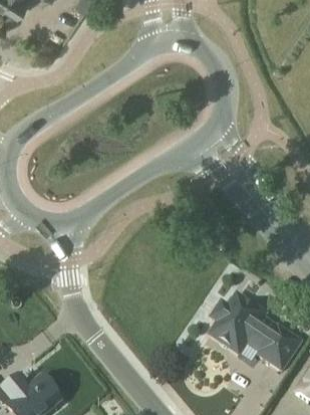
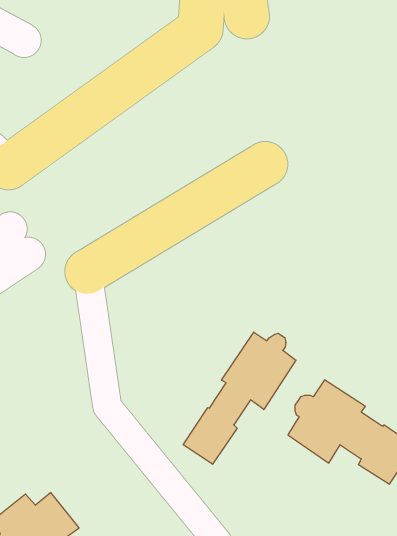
building: none -> [183,332,296,464]

